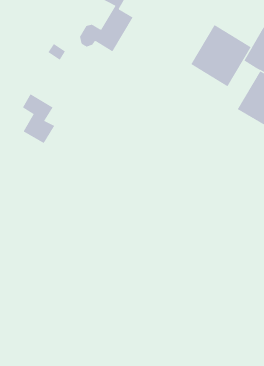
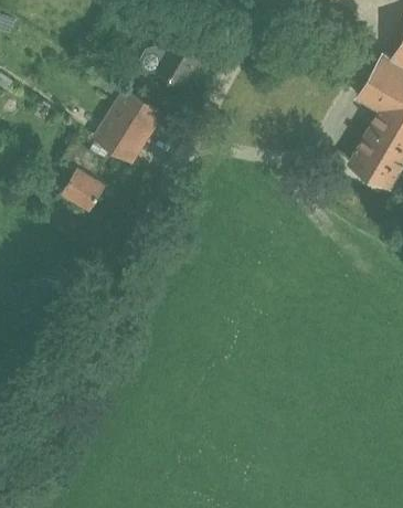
building: [190,24,251,87] -> none
building: none -> [96,92,158,160]

